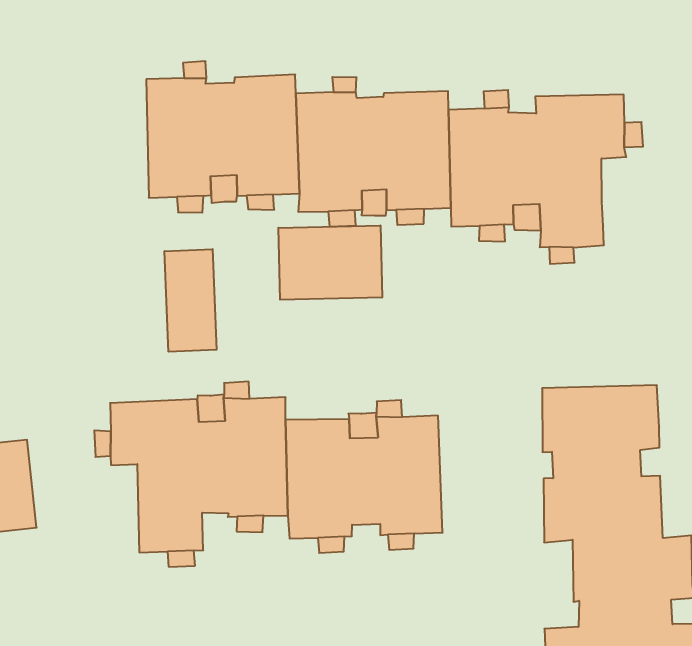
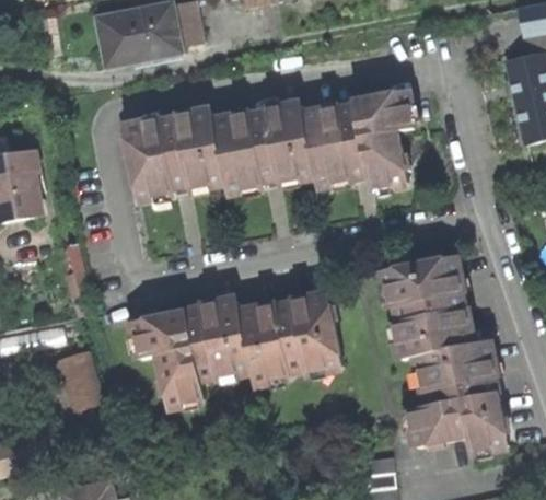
building: [278,225,382,300] -> none
building: [165,249,217,352] -> none

